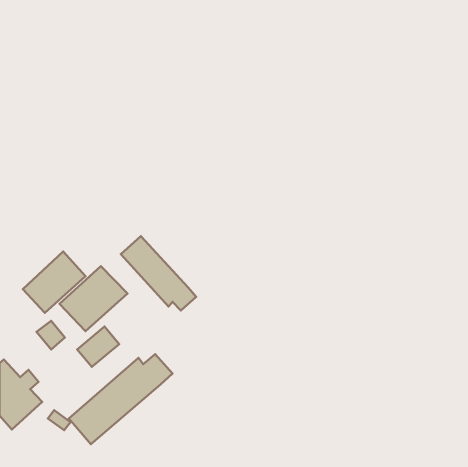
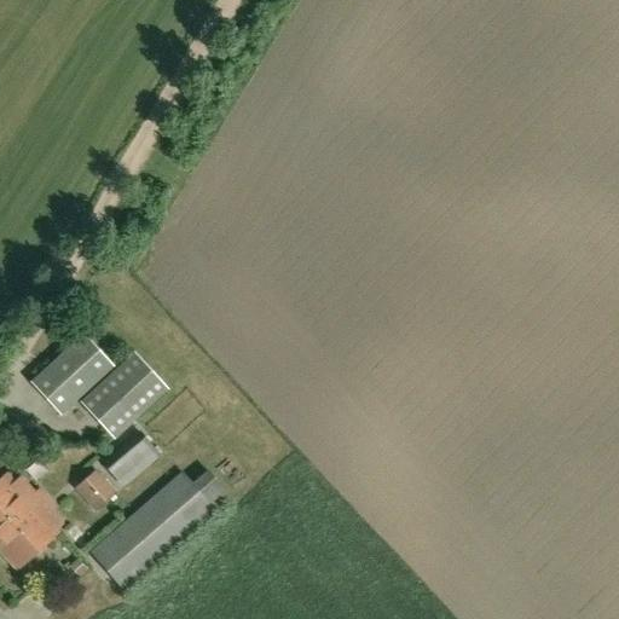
building: [121,236,196,310] -> none
building: [36,321,65,349] -> [75,469,112,507]

